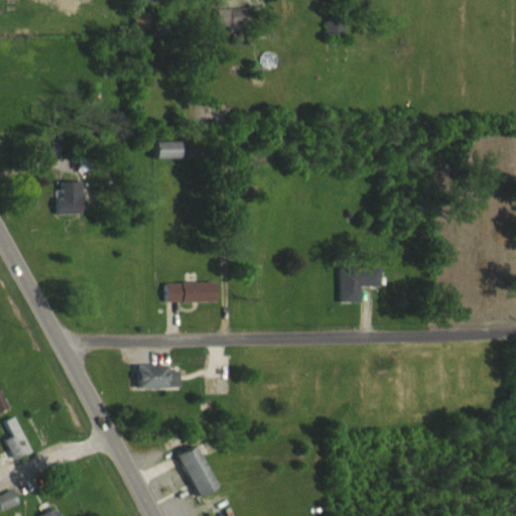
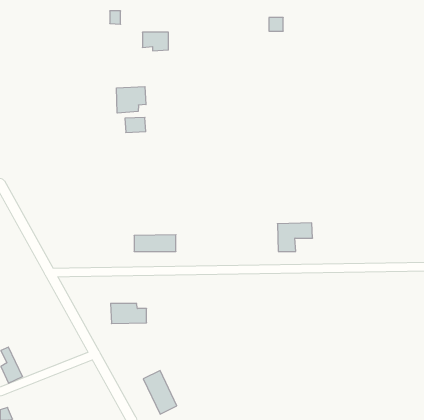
building: [220,9,251,31] -> [142,32,168,51]
building: none -> [117,87,146,113]
building: [56,181,83,216] -> none

